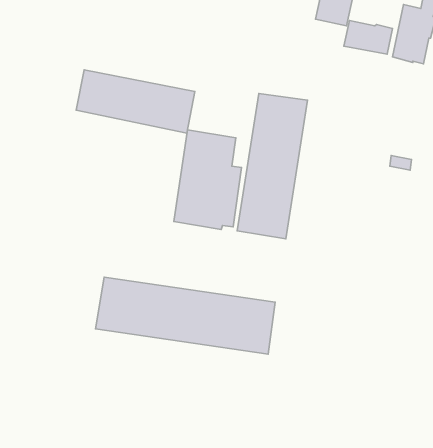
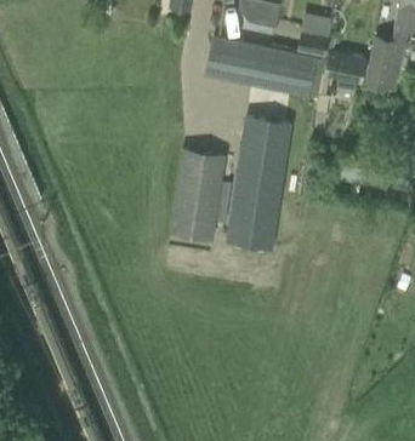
building: [76,70,195,133] -> [206,40,313,97]
building: [96,277,275,354] -> none

